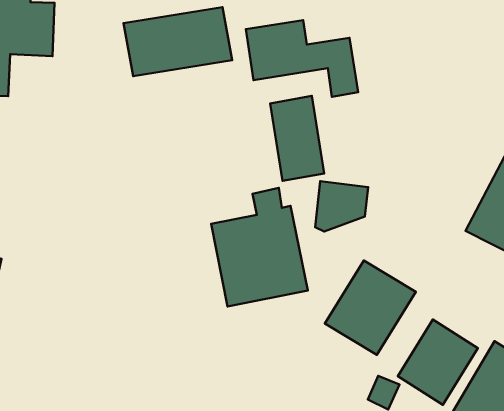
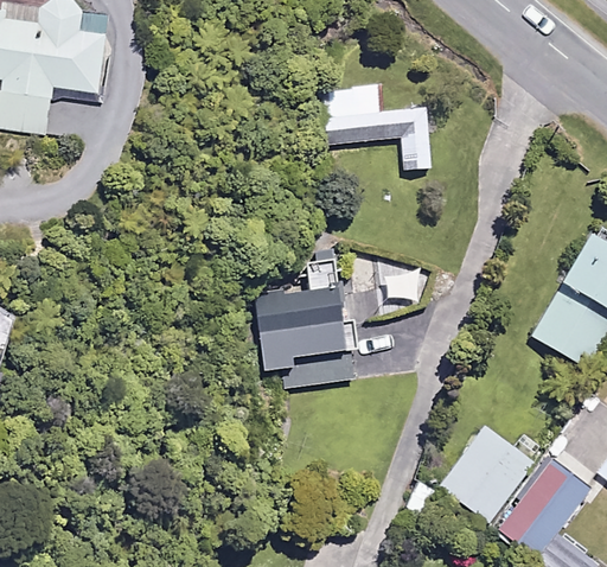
building: [123,7,232,76] -> none
building: [270,96,324,181] -> none
building: [325,260,416,355] -> none

